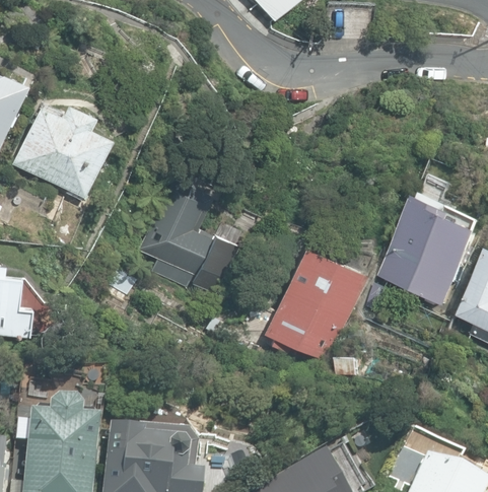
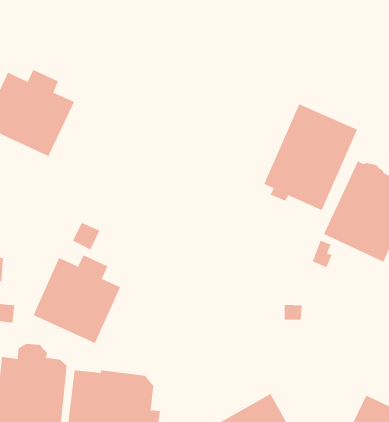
building: [137,184,230,285] -> none
building: [264,244,366,361] -> [263,103,358,211]
building: none -> [33,255,121,344]

